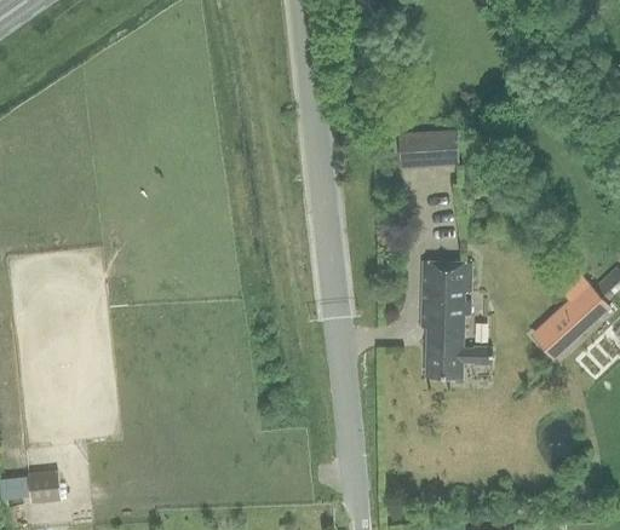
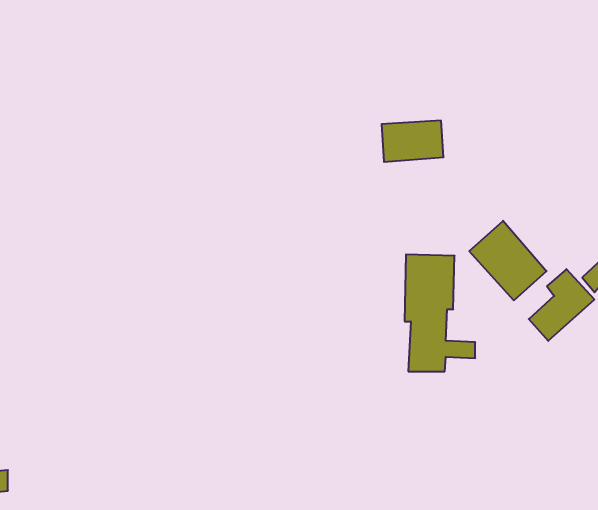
building: none -> [469,221,547,300]
building: [24,472,58,501] -> none

